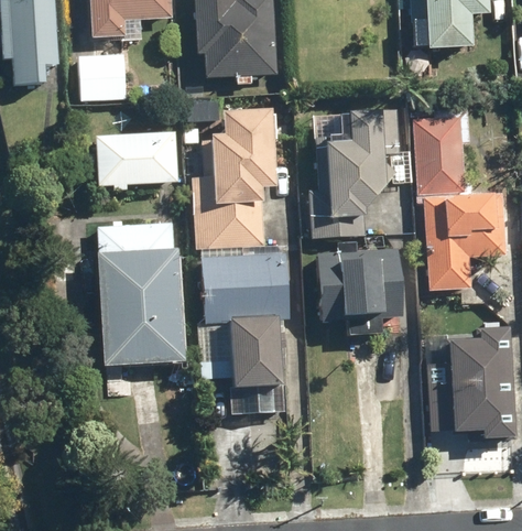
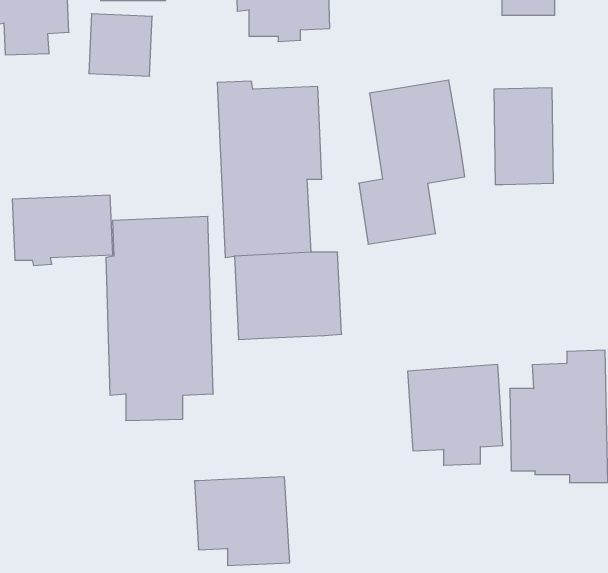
building: [96,132,180,191] -> [12,195,113,265]
building: [425,192,507,290] -> none
building: [330,242,410,326] -> [408,365,503,465]
building: [202,318,281,392] -> [194,477,290,566]

